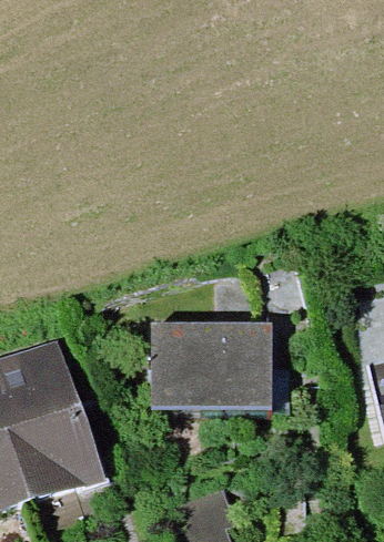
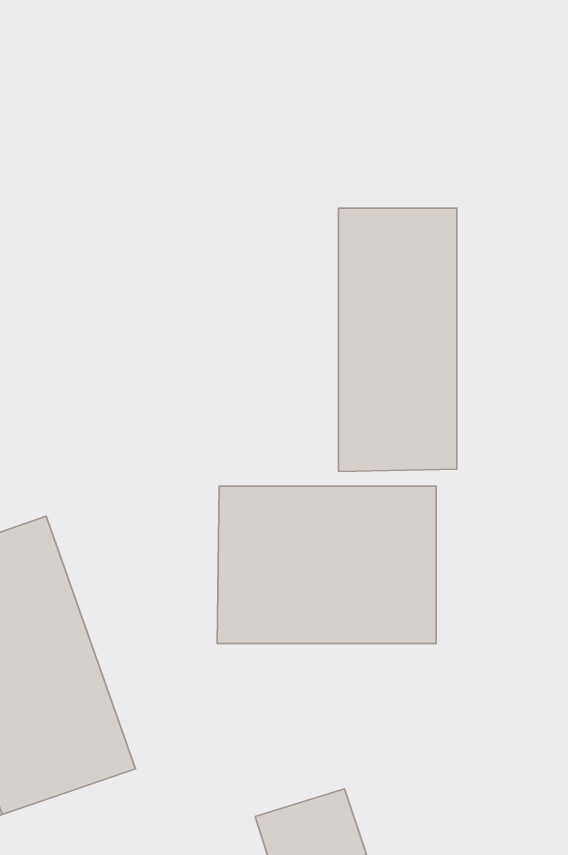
building: none -> [339,208,457,471]

